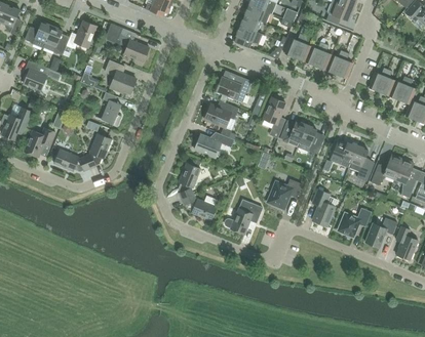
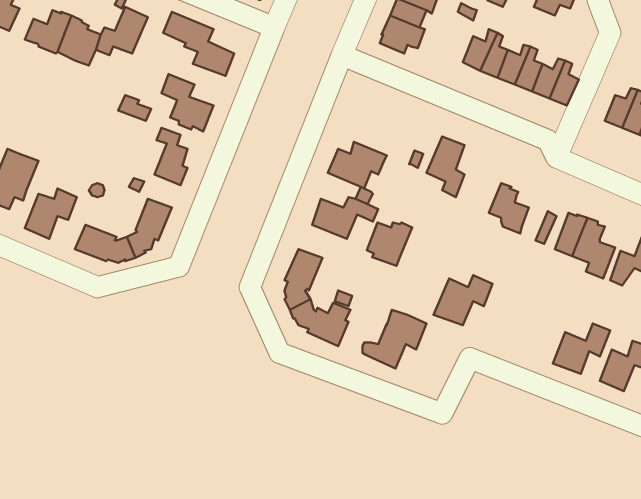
building: [23,60,53,91] -> none
building: [215,76,250,102] -> none
building: [279,122,306,148] -> [367,222,412,266]
building: [311,189,335,226] -> none

